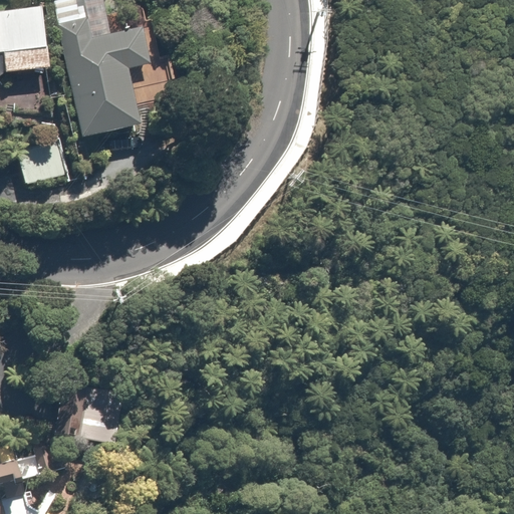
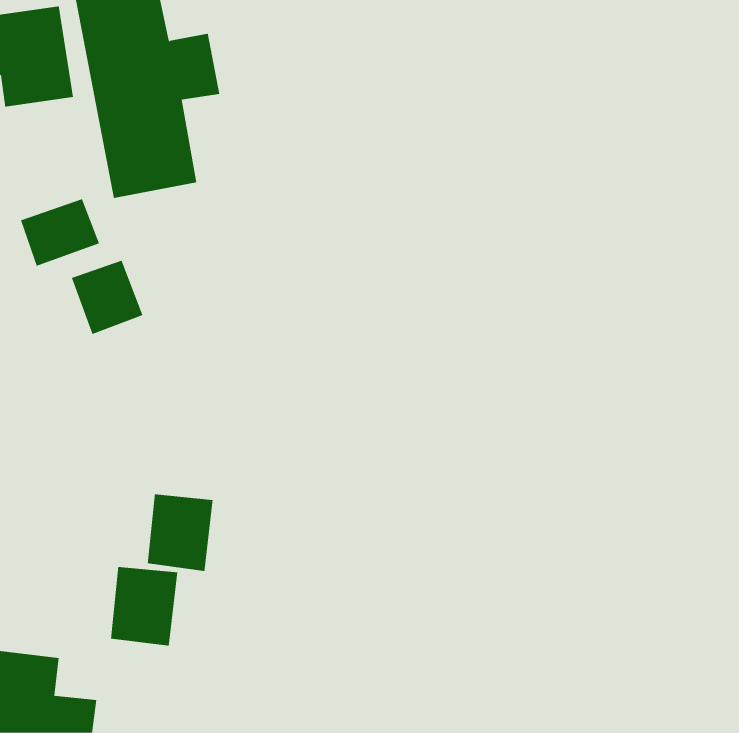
building: none -> [71,260,143,335]
building: none -> [147,493,213,572]

